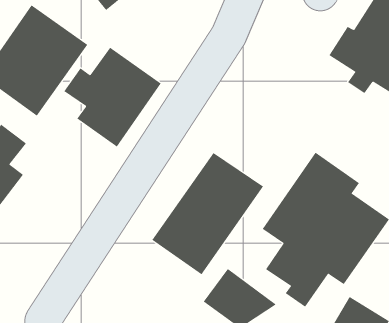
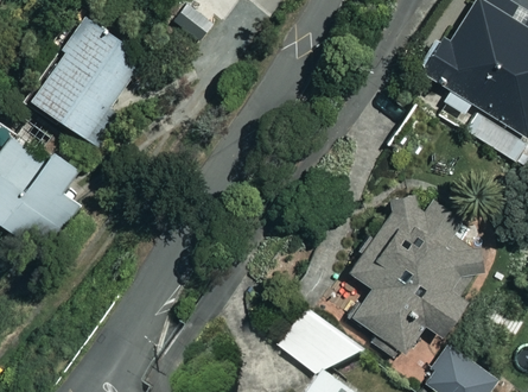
building: [63,47,161,148] -> none
building: [151,152,264,275] -> none

